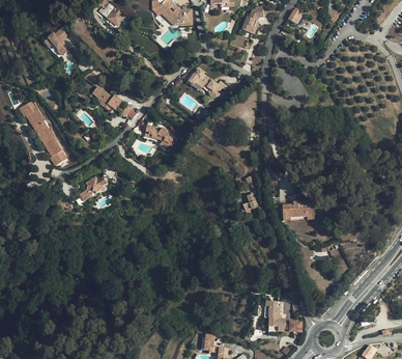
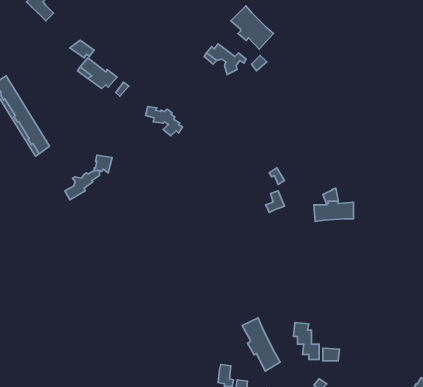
building: none -> [231,6,273,49]
building: none -> [242,318,280,371]

